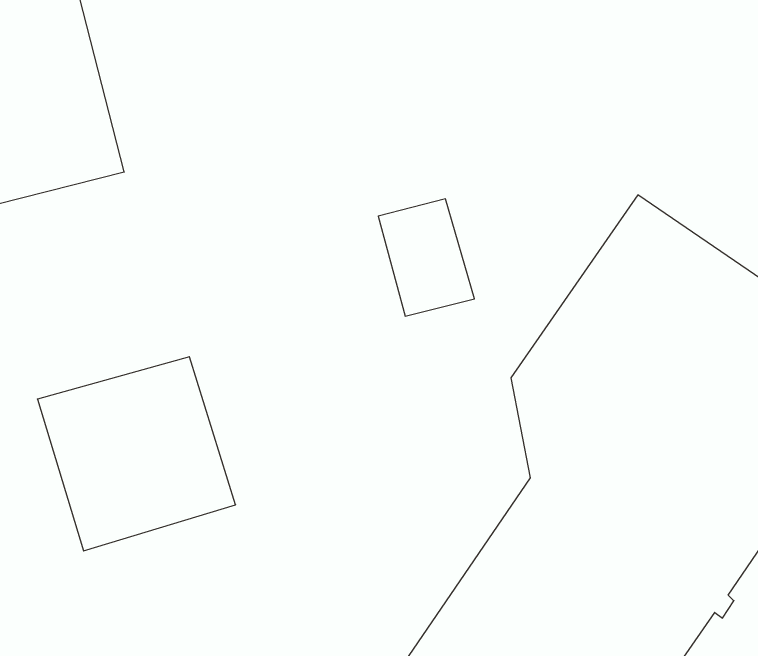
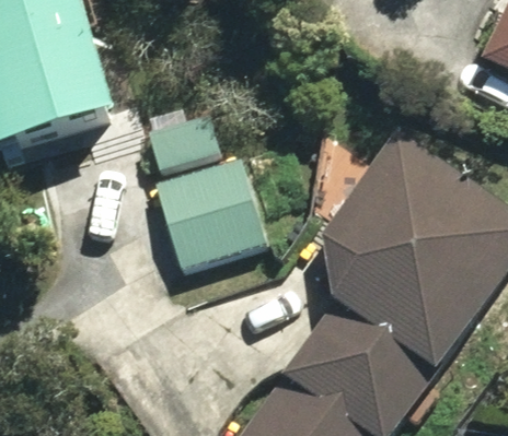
building: [37,357,236,551] -> [158,157,270,268]

